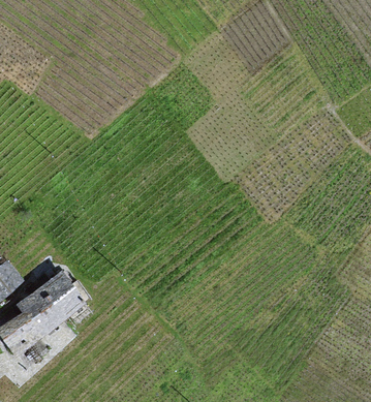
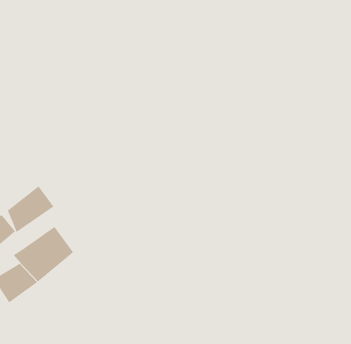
building: none -> [7,185,54,233]

